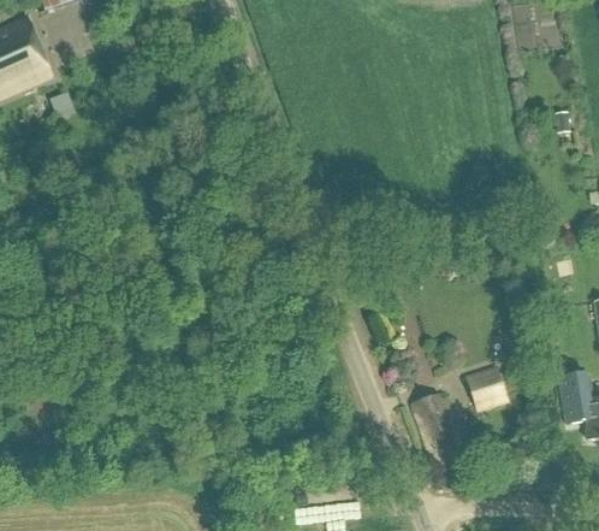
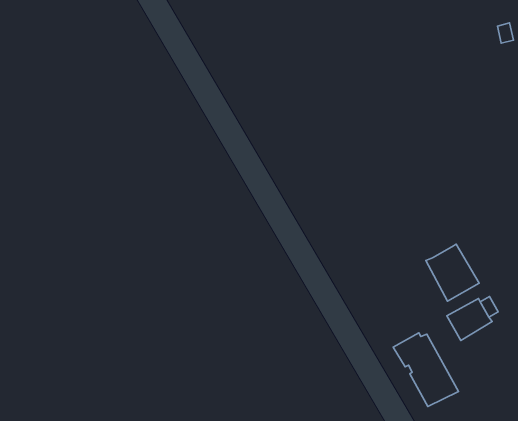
building: none -> [426,244,479,301]

